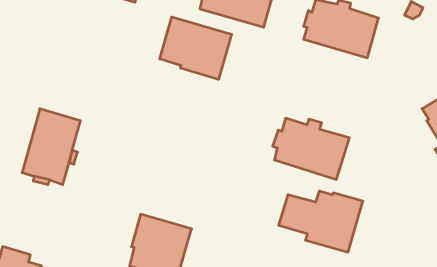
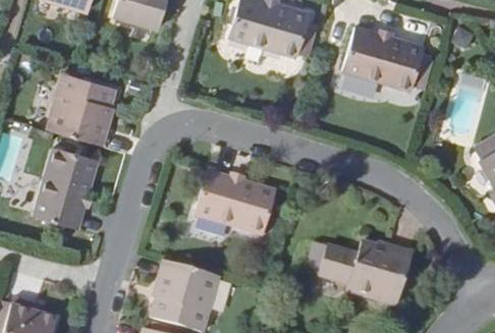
building: [160,17,232,79] -> none
building: none -> [48,73,118,146]
building: [273,118,349,179] -> [196,171,280,238]

